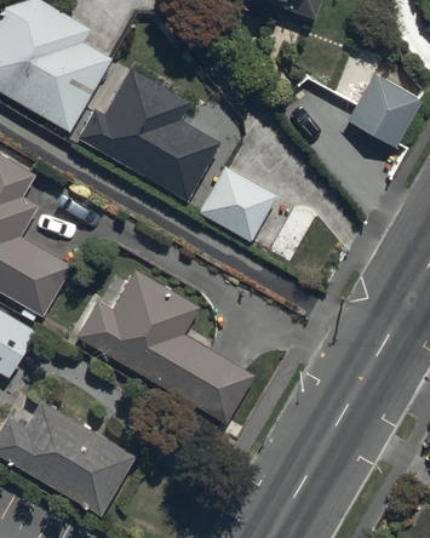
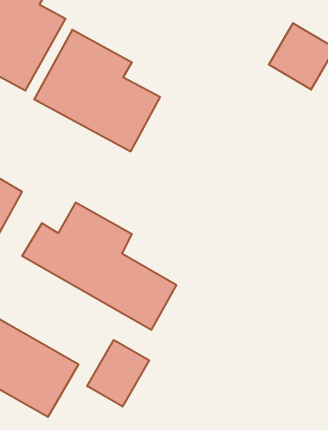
building: [205,178,275,245] -> none
building: none -> [87,340,149,407]

